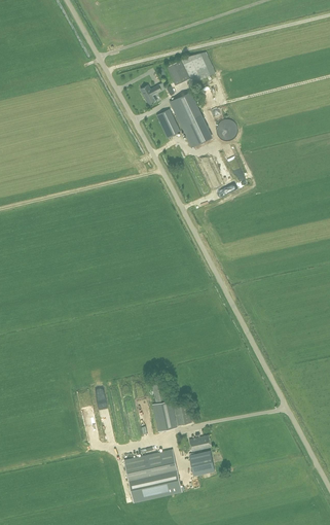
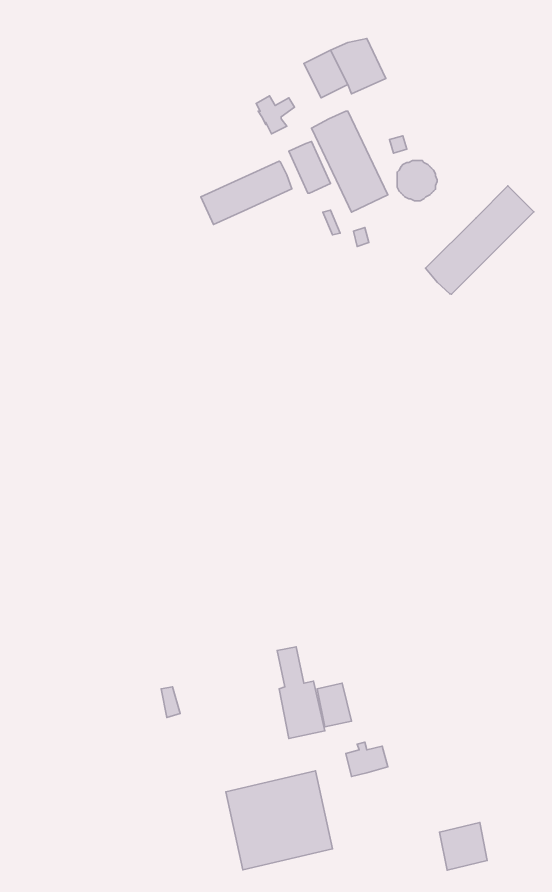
building: none -> [201,161,292,225]
building: none -> [426,186,534,294]
building: [189,450,215,476] -> [440,822,487,870]

